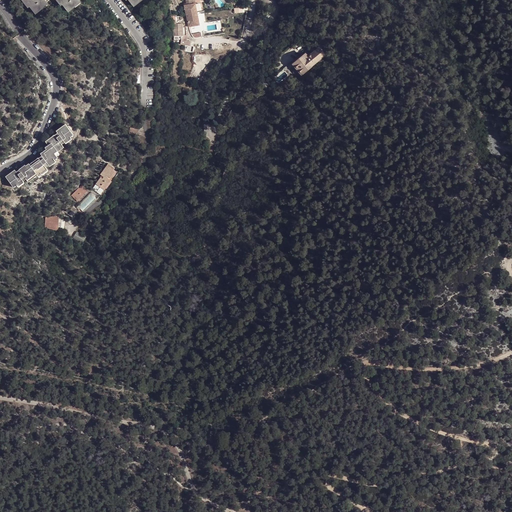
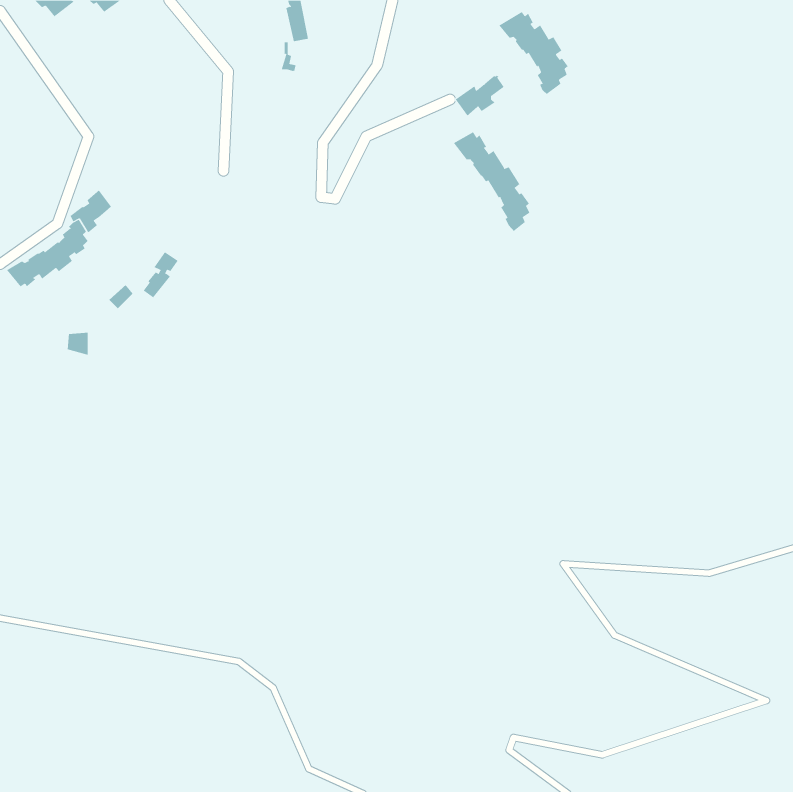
building: none -> [499,11,568,95]
building: none -> [453,132,530,232]

